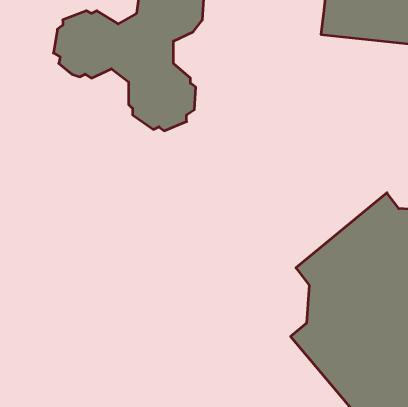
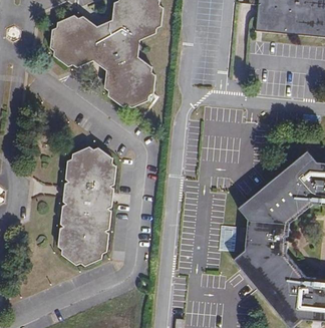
building: none -> [55,145,116,266]

